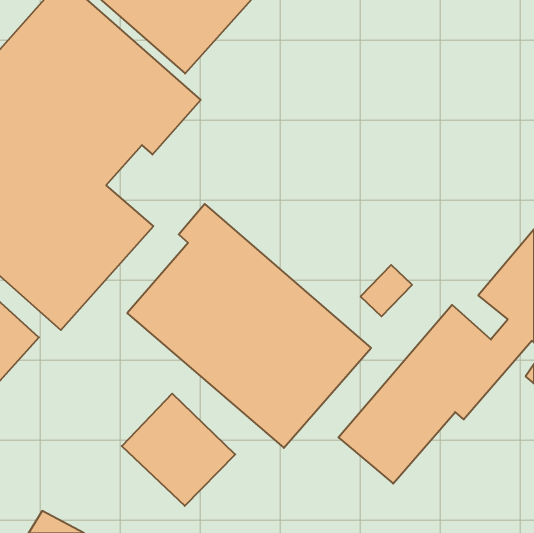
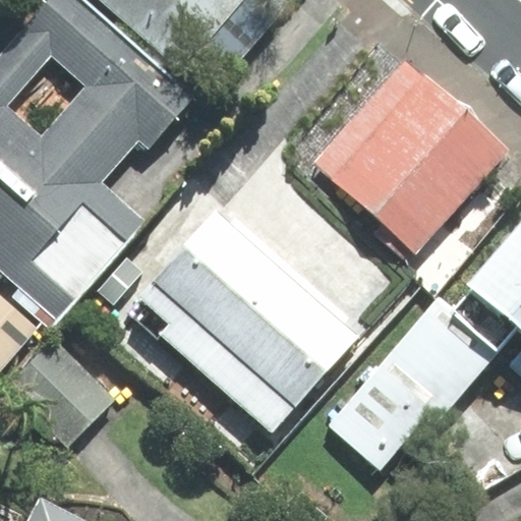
building: none -> [312,59,510,256]
building: [122,394,235,506] -> [5,338,115,447]

